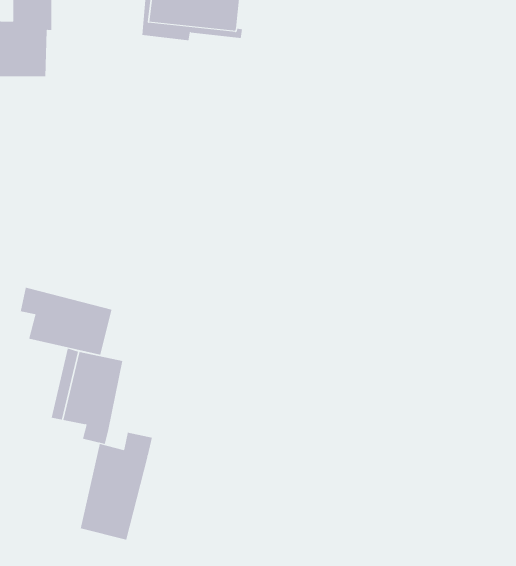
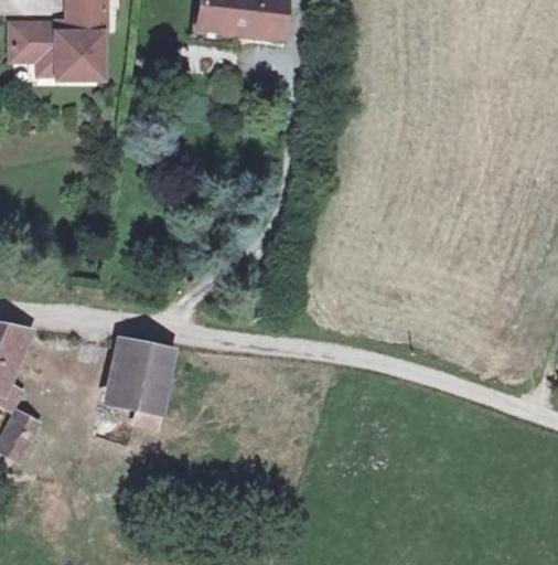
building: [20,287,112,356] -> none
building: [80,432,152,540] -> none

